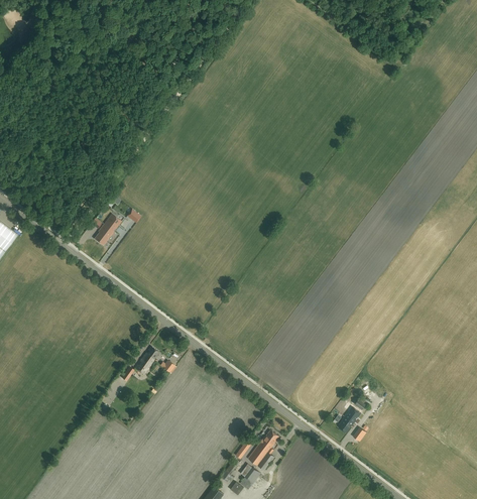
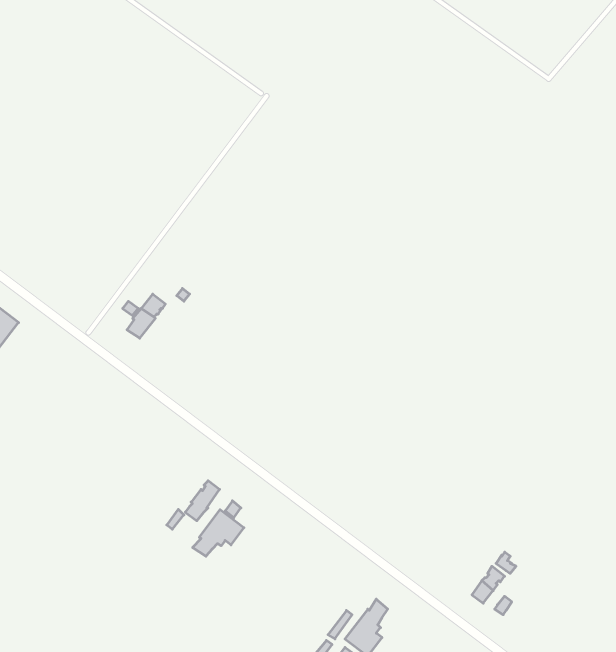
building: none -> [193,510,244,556]

